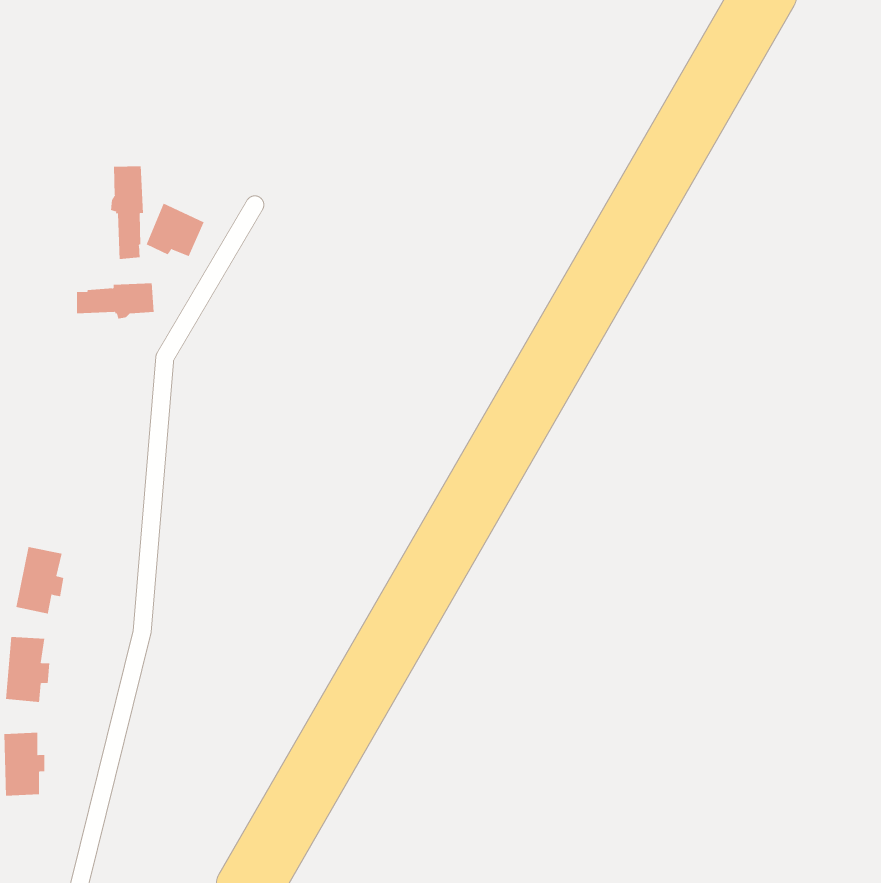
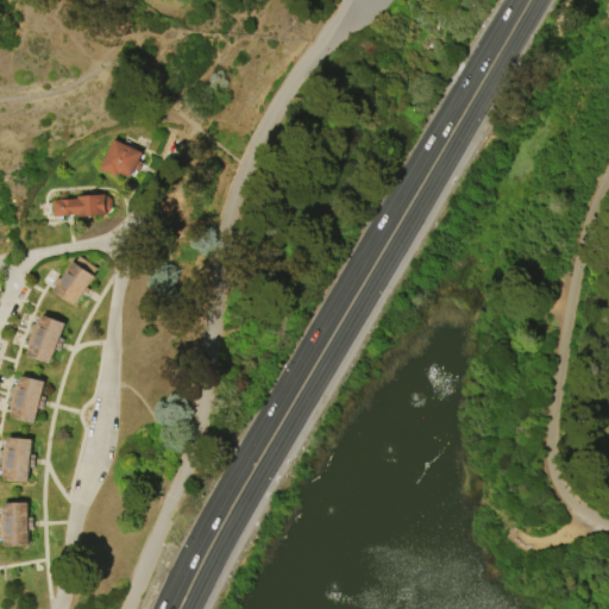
building: [111,165,143,260] -> none
building: none -> [51,256,95,304]
building: none -> [25,314,64,363]

